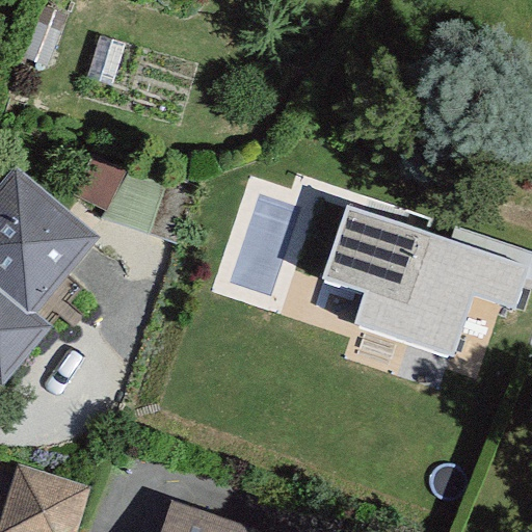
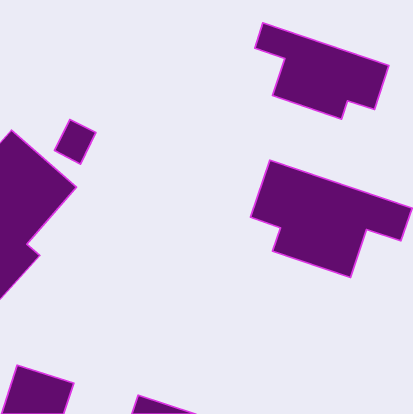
building: none -> [255,23,389,119]

